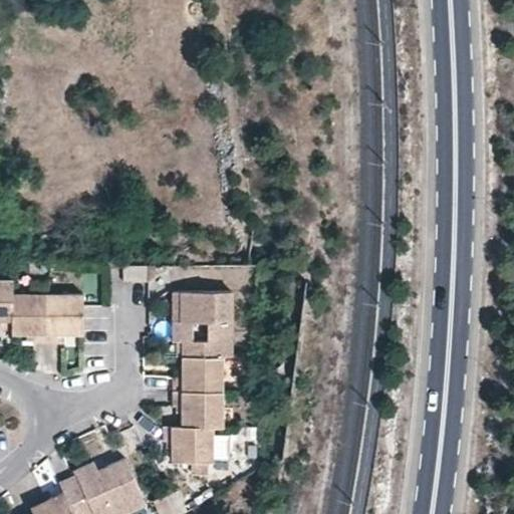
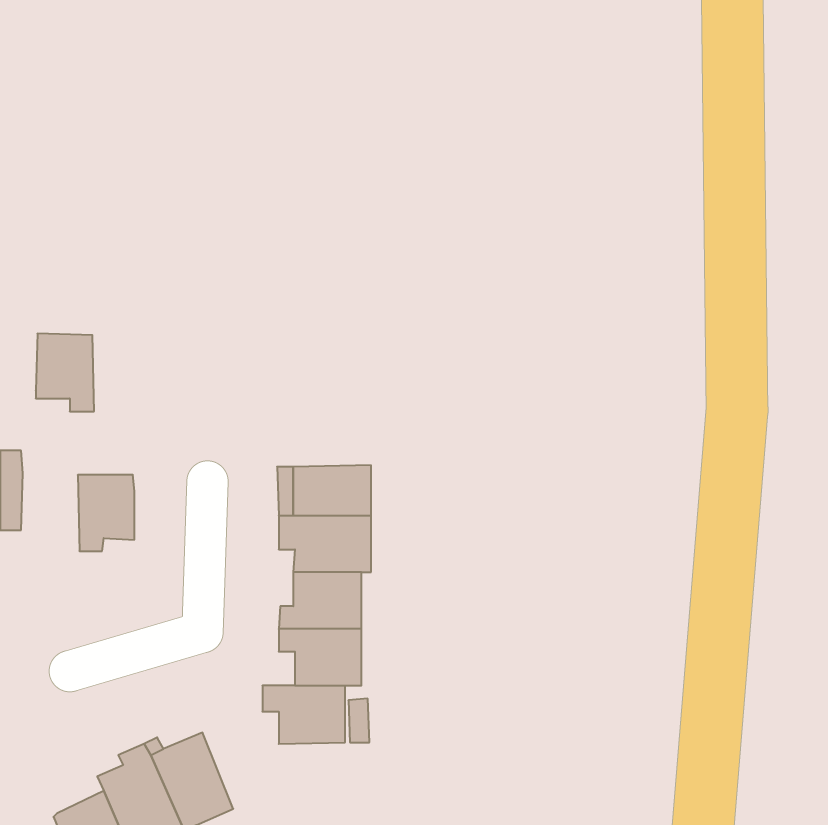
building: [13,295,49,343] -> [36,334,94,411]

